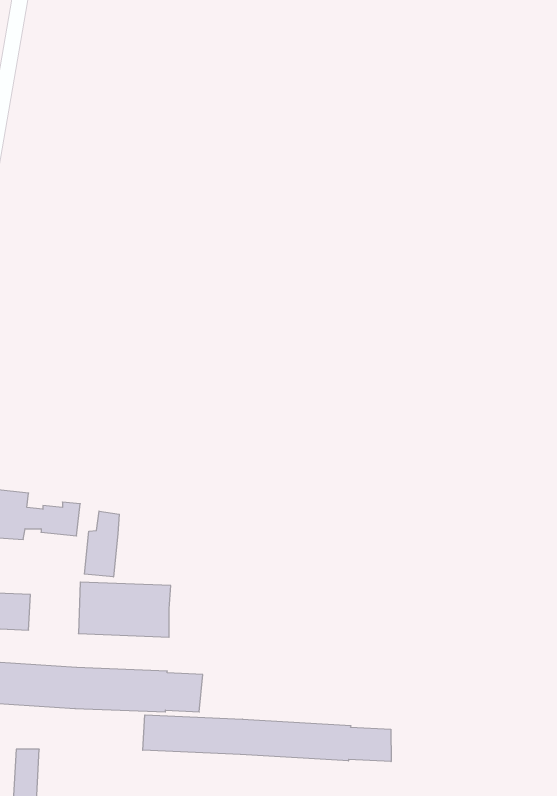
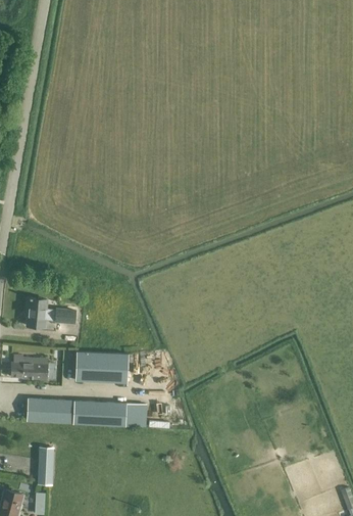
building: [84,511,119,577] -> none
building: [143,715,391,762] -> none

